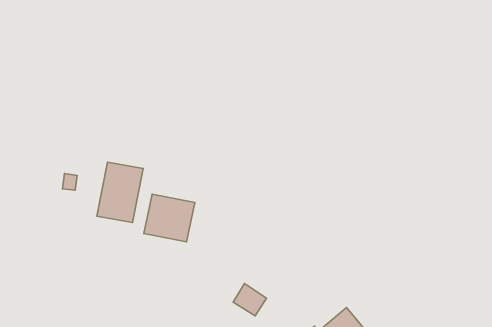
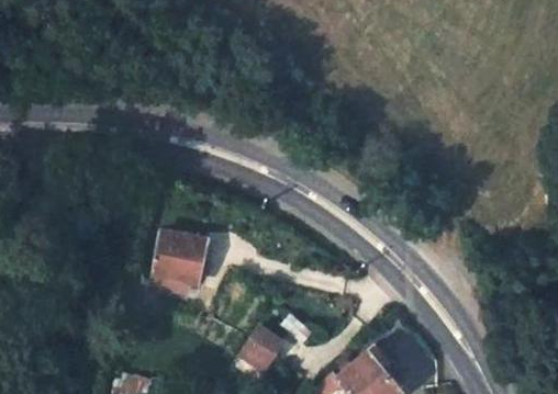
building: [97,162,143,222] -> none

